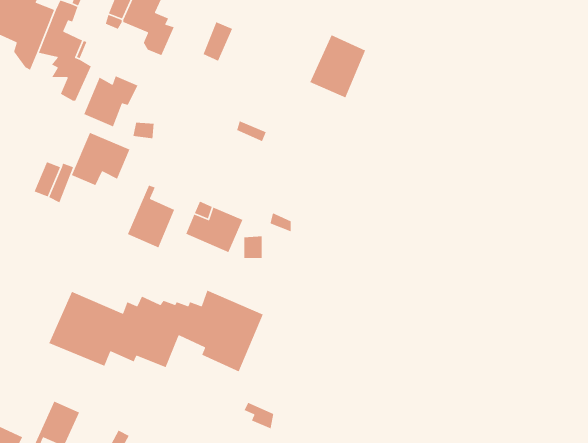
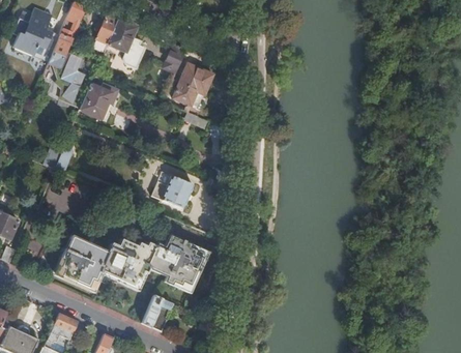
building: [309,34,366,98] -> [173,63,213,109]
building: [71,132,131,186] -> none
building: [127,184,175,249] -> none
building: none -> [142,295,174,331]

